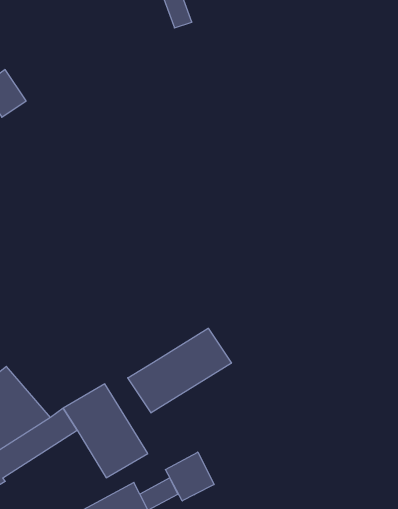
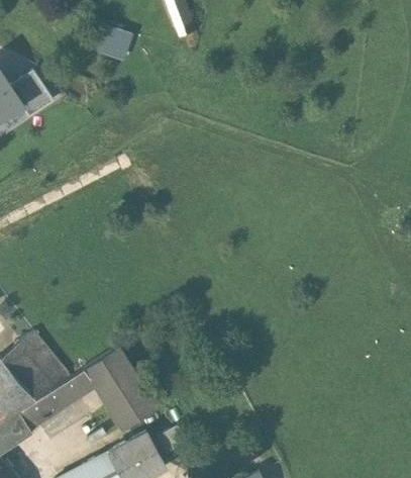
building: none -> [93,25,131,61]
building: [128,328,231,413] -> none
building: [165,452,214,501] -> none

